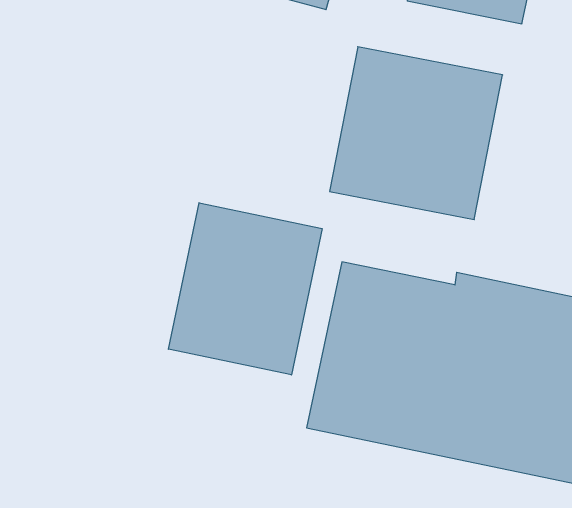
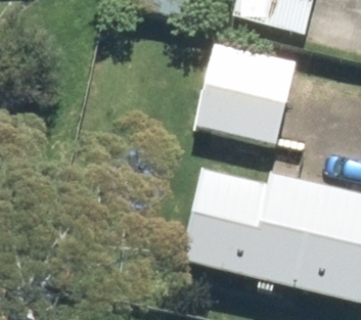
building: [168,203,322,375] -> none

